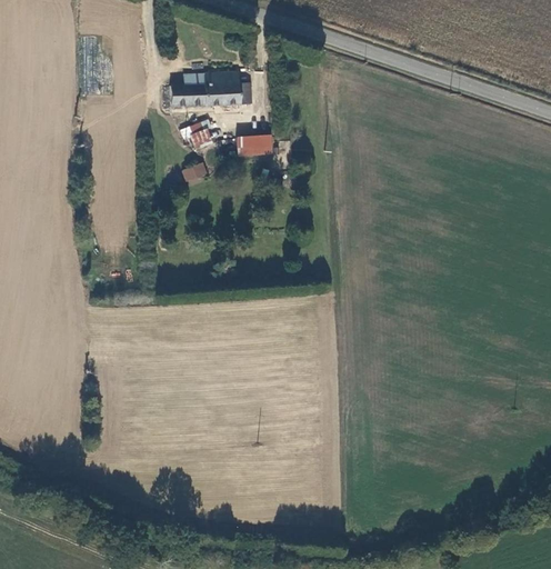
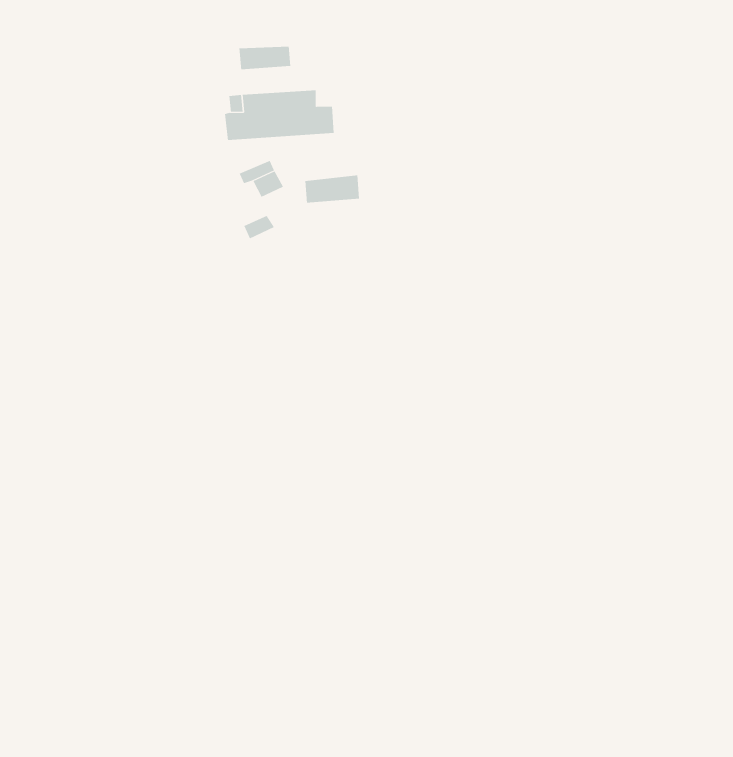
building: none -> [239,46,291,70]

